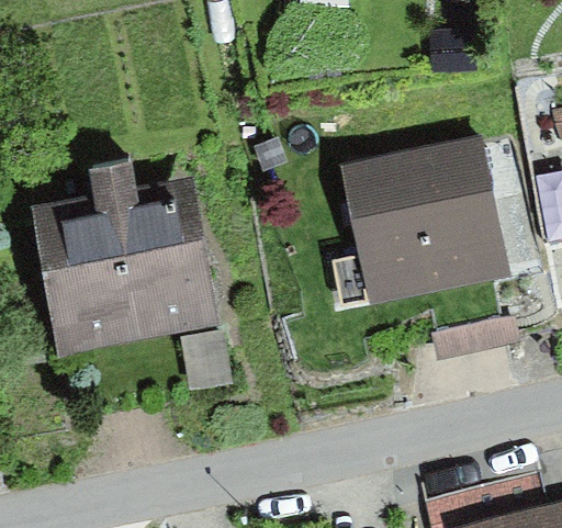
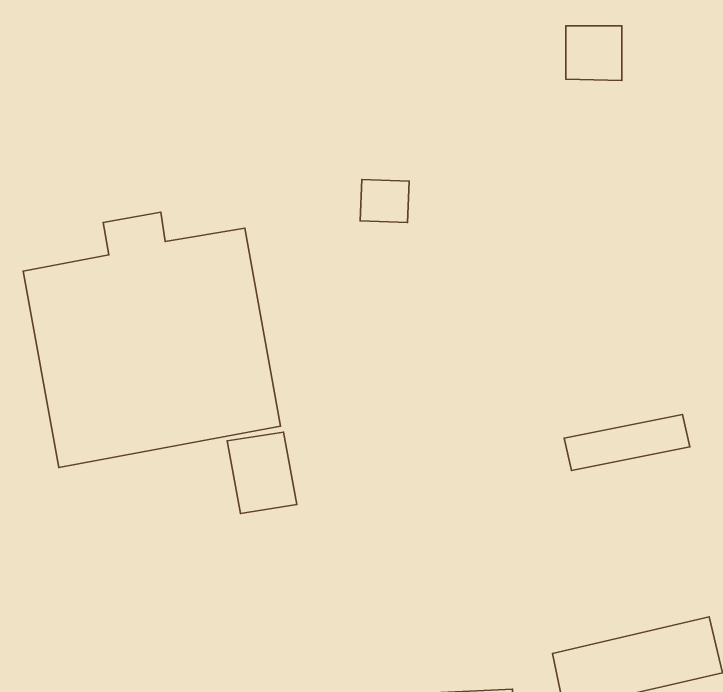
building: [341,138,510,303] -> none

